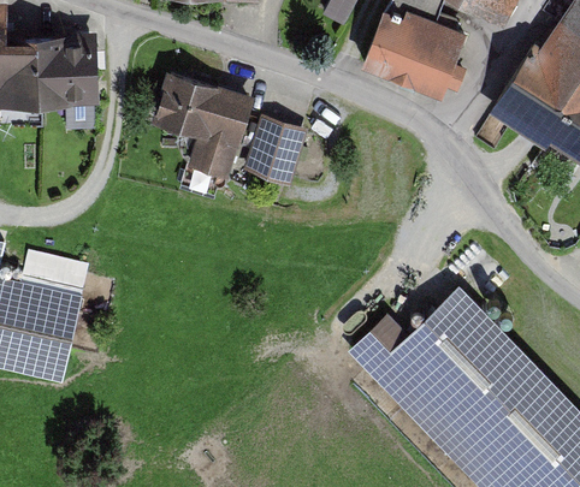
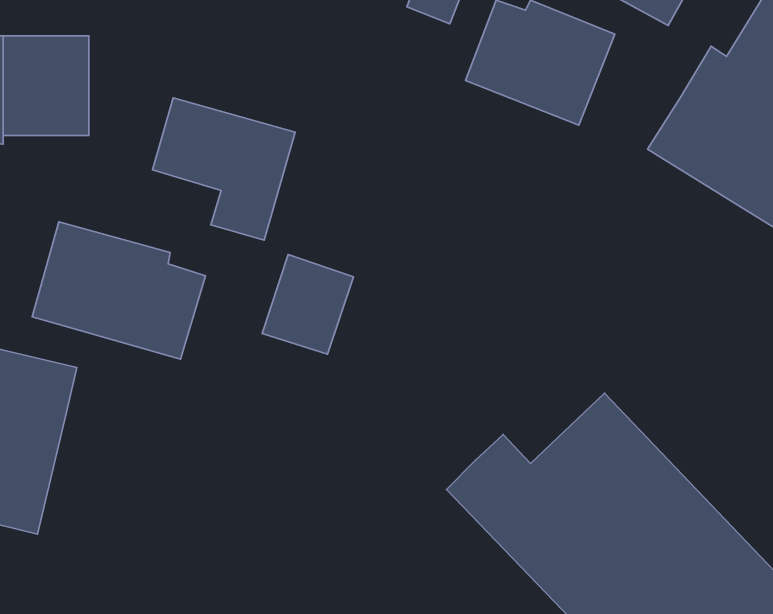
building: [245,114,309,184] -> [262,254,353,354]
building: none -> [32,222,205,359]

